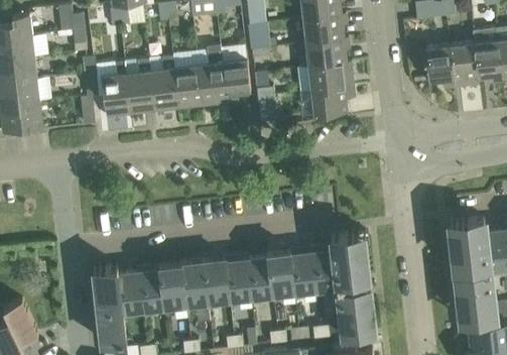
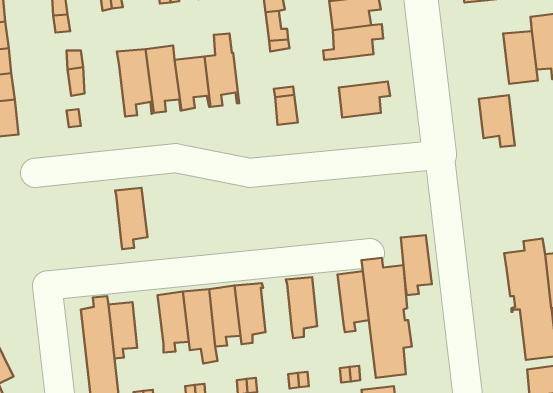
building: [423,45,454,89] -> [479,95,515,147]
building: [222,60,249,104] -> none
building: [307,62,351,91] -> none
building: [101,73,131,118] -> none
building: [288,248,314,299] -> [401,235,432,295]
building: [245,256,271,304] -> none
building: [136,265,163,317] -> [115,188,147,249]

